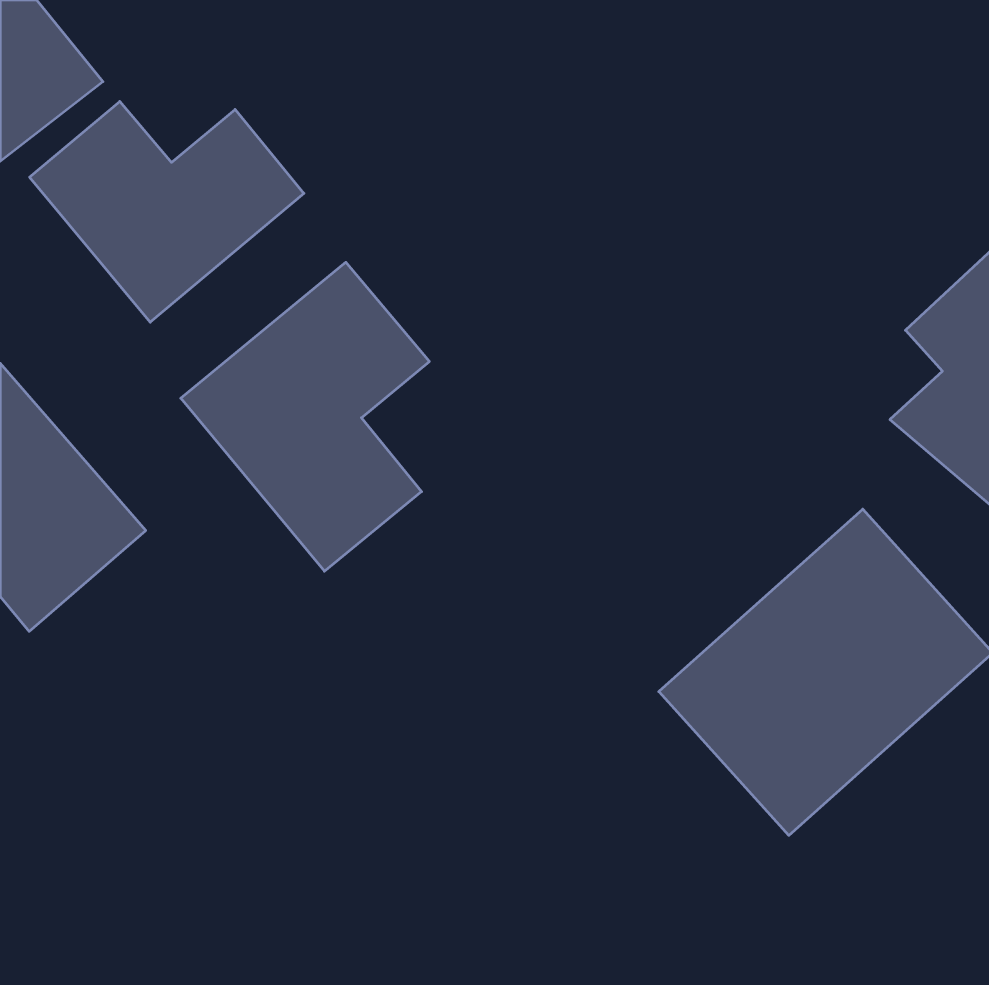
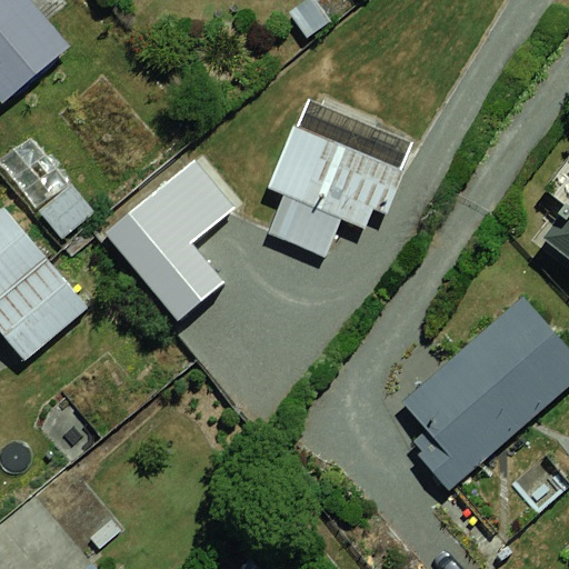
building: [30,101,304,322] -> none
building: none -> [276,114,420,242]

